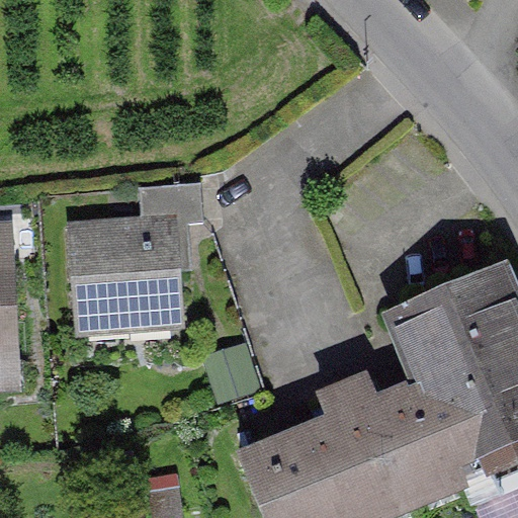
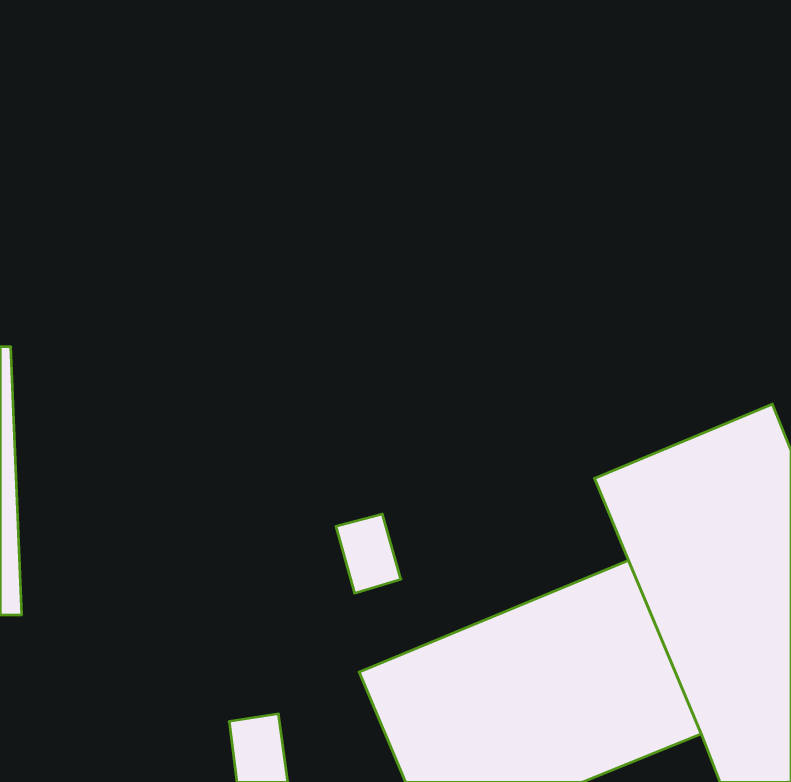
building: [66,222,191,337] -> none

